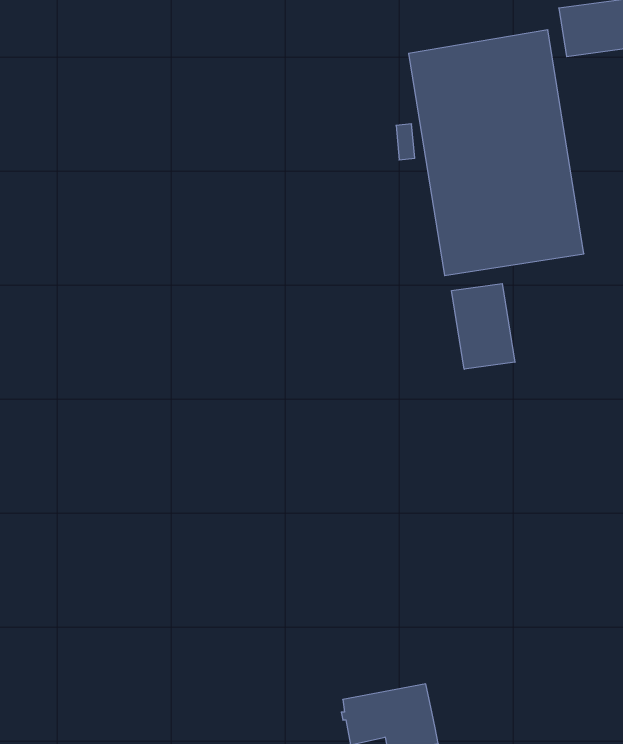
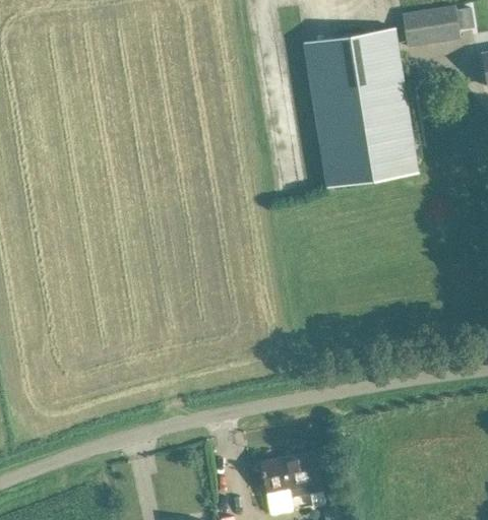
building: [452,284,515,369] -> none

